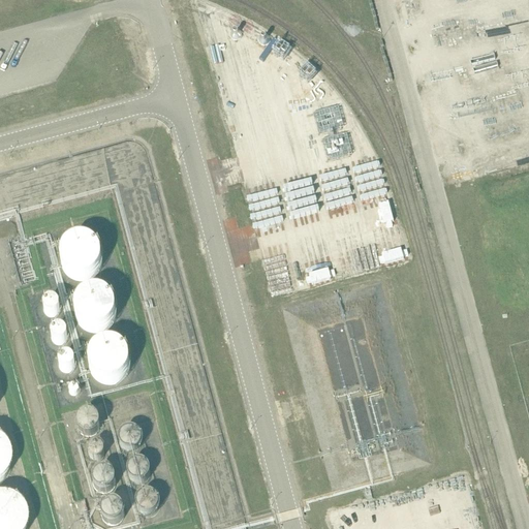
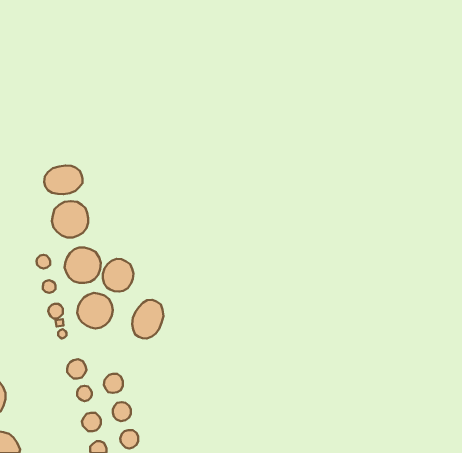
building: none -> [44,165,83,194]
building: none -> [103,259,133,291]
building: none -> [132,300,163,338]

